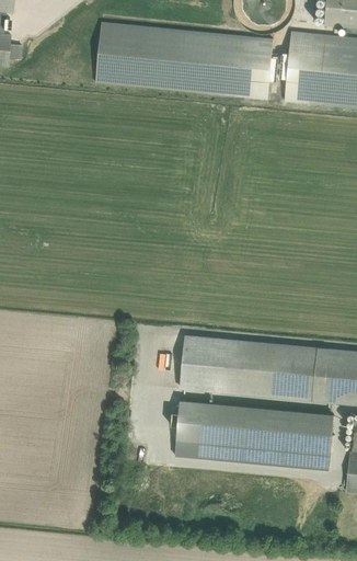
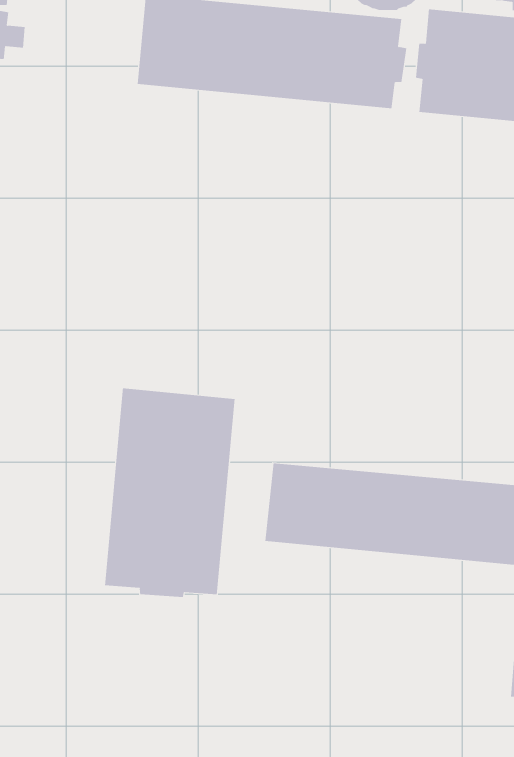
building: none -> [104,388,235,598]
building: [174,399,333,469] -> none

